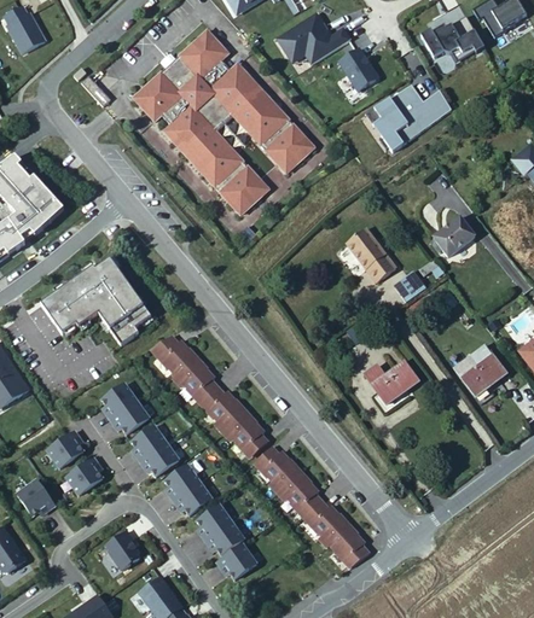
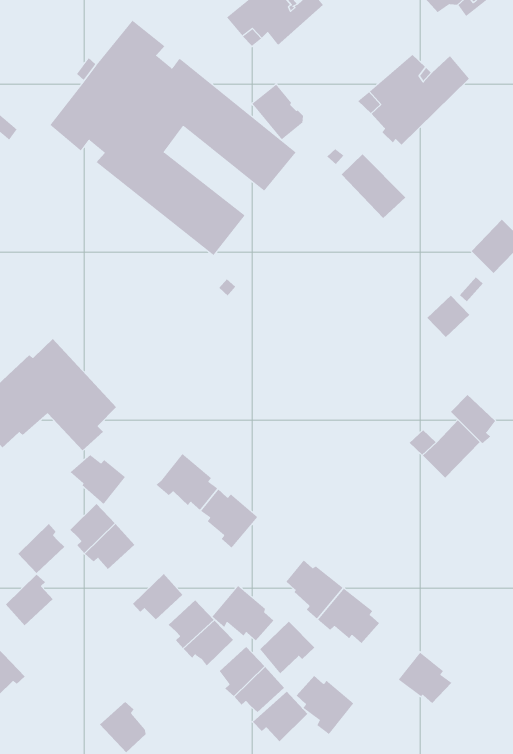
building: [336,48,373,91] -> [252,84,304,140]
building: [348,227,394,278] -> [341,153,406,219]
building: [153,334,195,373] -> [70,455,126,505]
building: none -> [450,394,496,444]
building: [221,410,267,454] -> [212,585,274,641]
building: [133,425,168,461] -> none
building: [66,456,103,492] -> [17,523,65,574]
building: none -> [259,621,315,674]
building: [307,502,349,548] -> [296,675,354,735]

